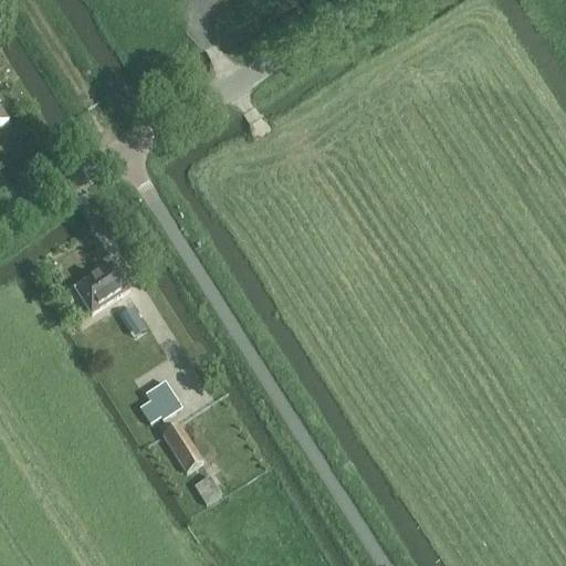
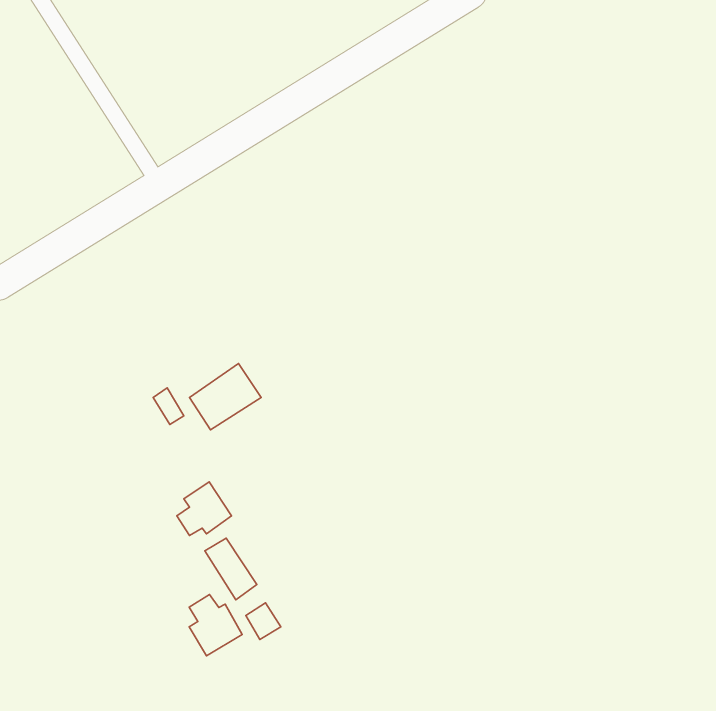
building: [73,260,129,312] -> [189,364,261,430]
building: none -> [189,594,242,656]

